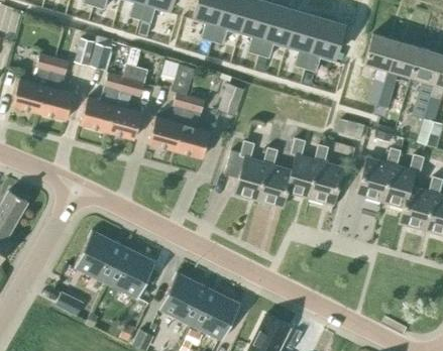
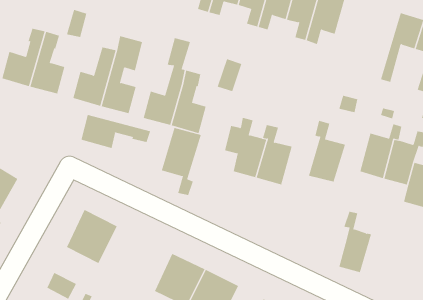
building: [365,33,397,105] -> none
building: [90,36,113,71] -> none
building: [287,138,319,198] -> [338,211,372,273]
building: none -> [81,114,151,149]
building: none -> [161,127,201,196]
building: [106,246,156,299] -> none

